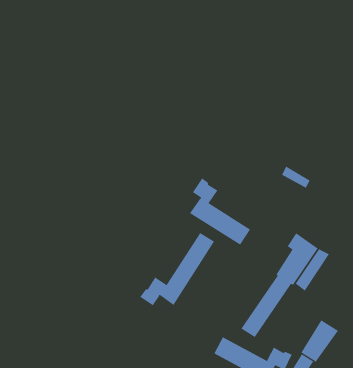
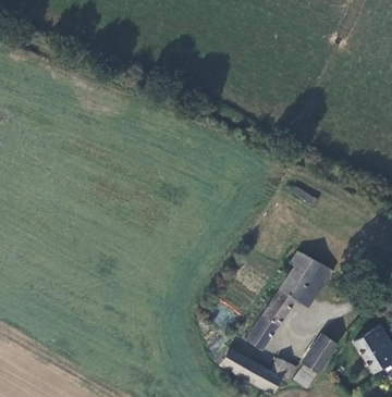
building: [189,177,251,246] -> none
building: [140,232,215,306] -> none

